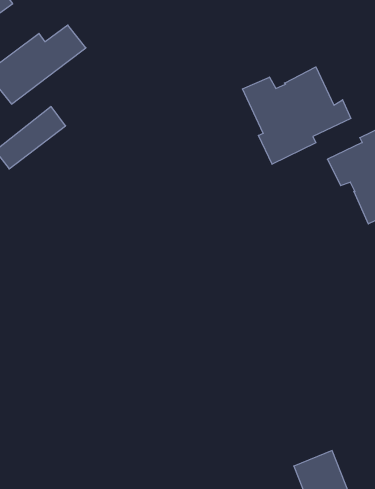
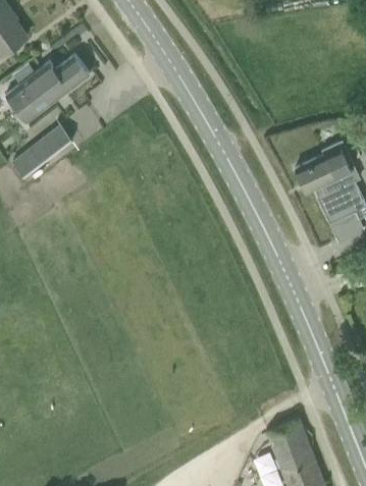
building: [243,67,351,164] -> none

